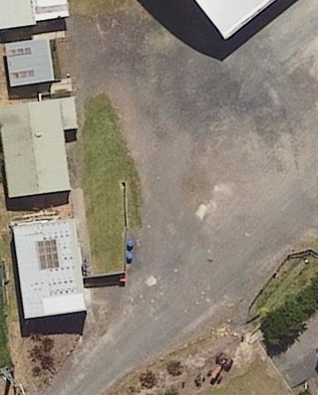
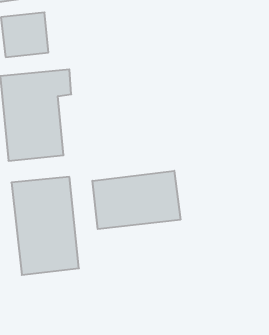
building: none -> [92,171,180,229]

